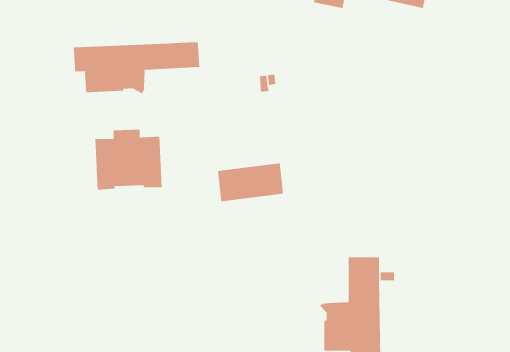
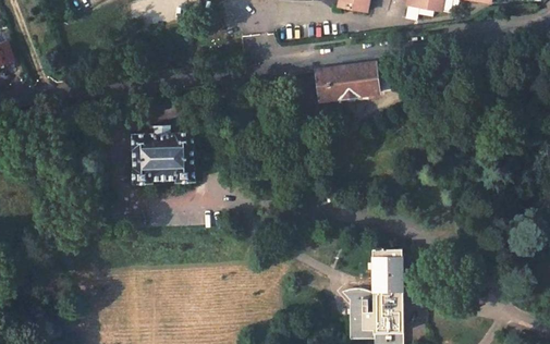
building: [73,41,200,94] -> none
building: [217,163,284,202] -> [315,63,378,100]

